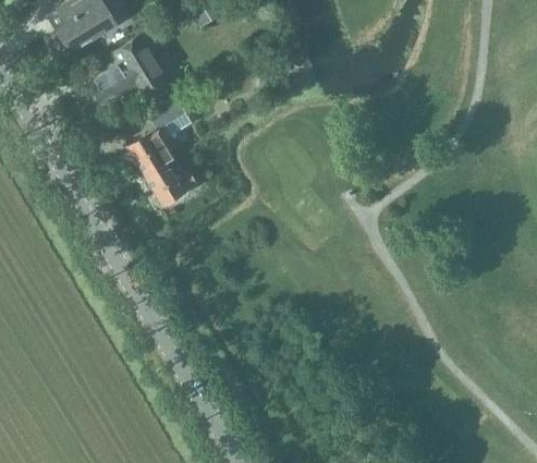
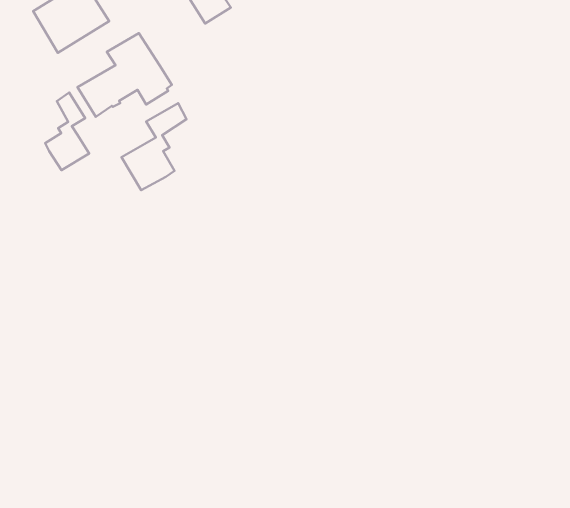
building: none -> [45,93,89,170]
building: [146,163,197,205] -> none

